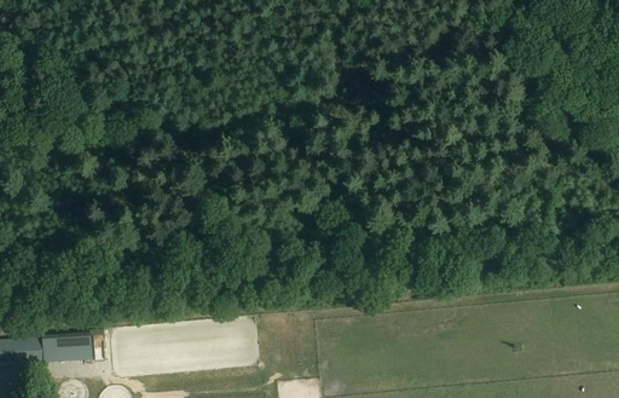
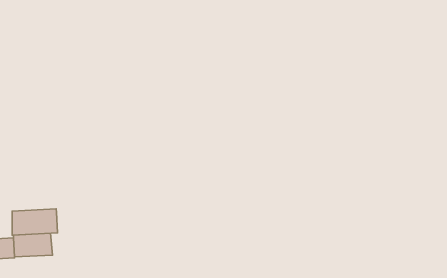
building: none -> [12,209,57,235]

